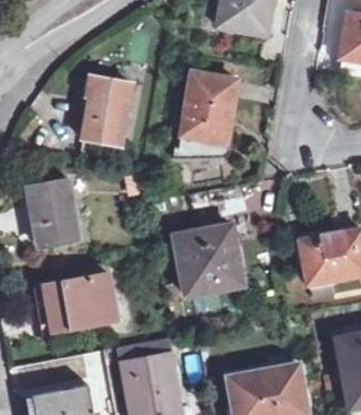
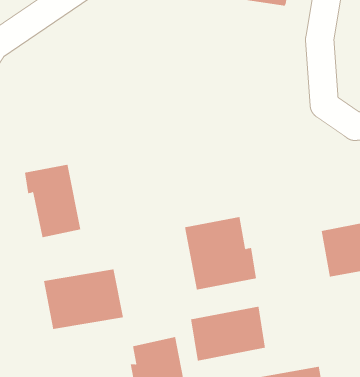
building: [176,72,234,157] -> none
building: [77,75,133,145] -> none
building: none -> [191,306,266,361]

